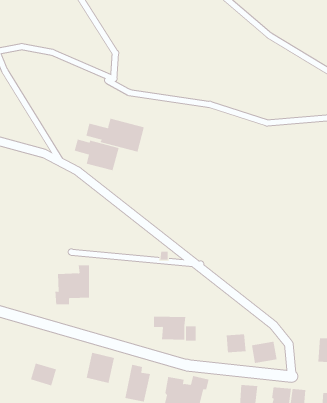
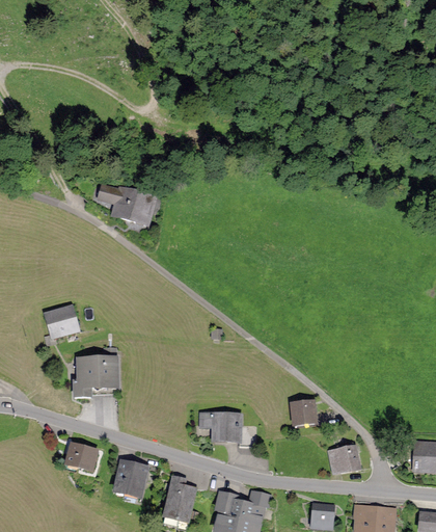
building: [86,118,144,153] -> none
building: none -> [43,304,80,339]
building: [226,334,247,353] -> [290,401,317,426]
building: [30,363,57,386] -> [63,442,98,472]

